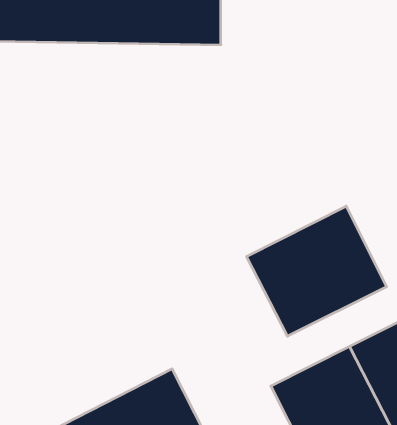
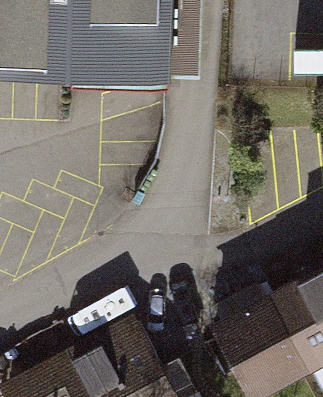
building: [247,206,386,336] -> none

